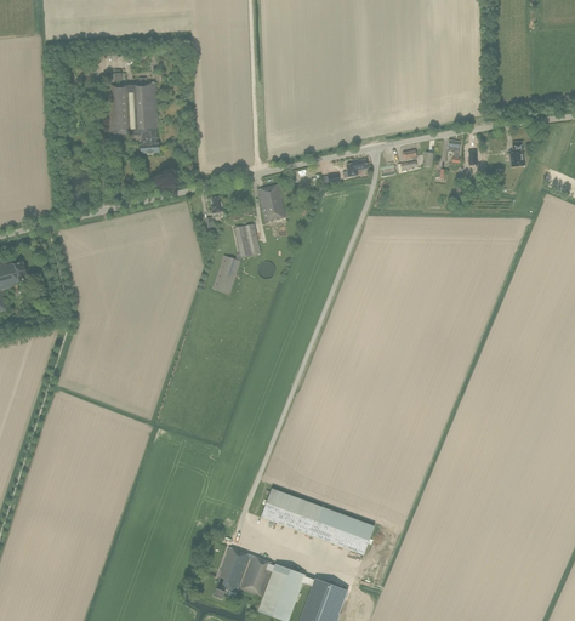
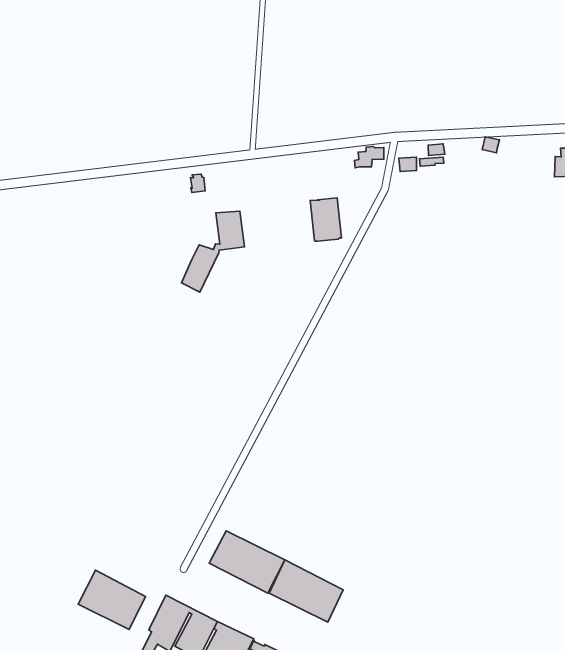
building: [108,76,159,153] -> none
building: [257,183,286,221] -> [310,198,341,241]
building: none -> [78,570,145,630]

